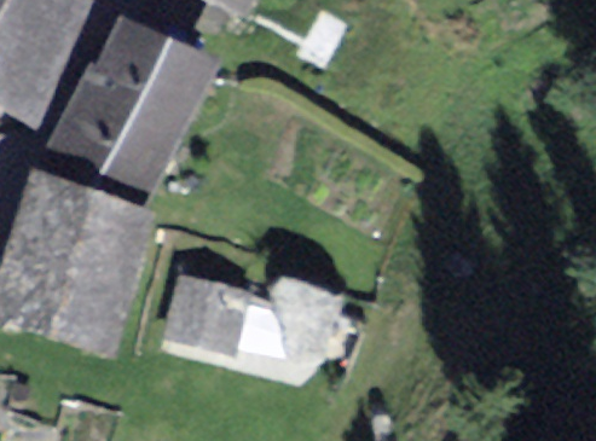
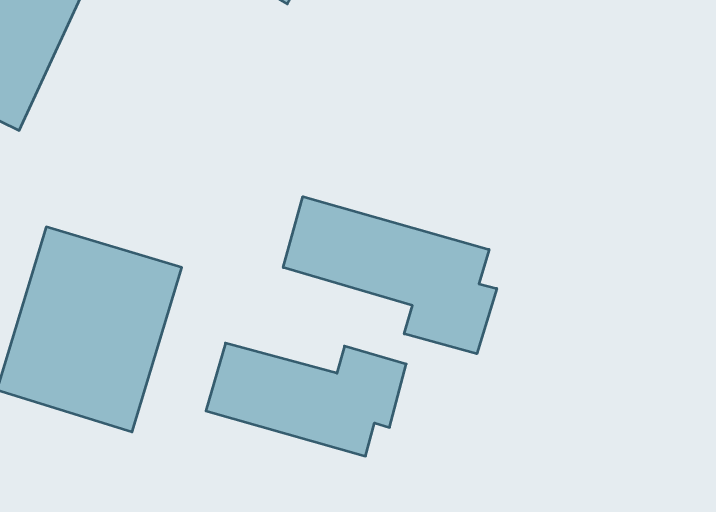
building: [54,13,213,195] -> none
building: none -> [283,197,497,354]

